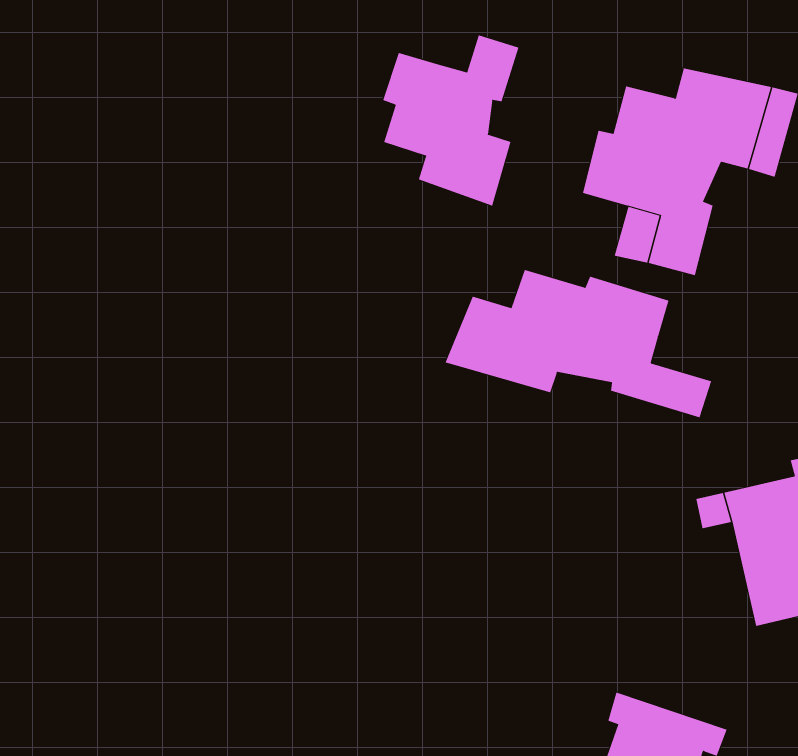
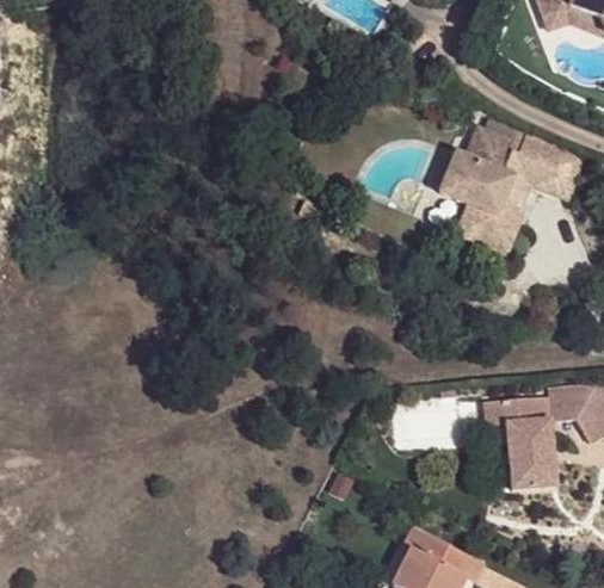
building: [383,35,519,207] -> none
building: [445,269,712,418] -> none

